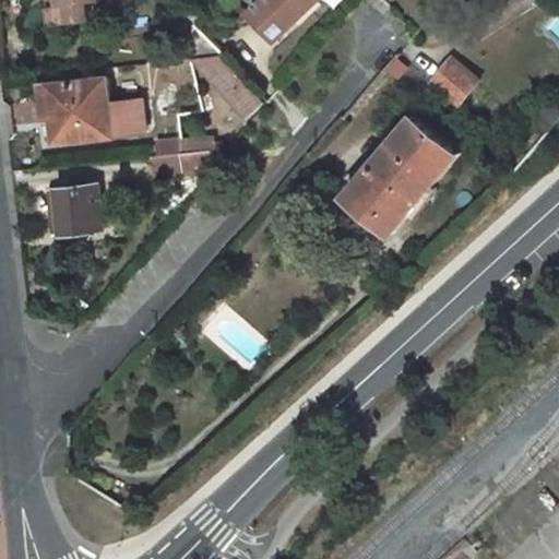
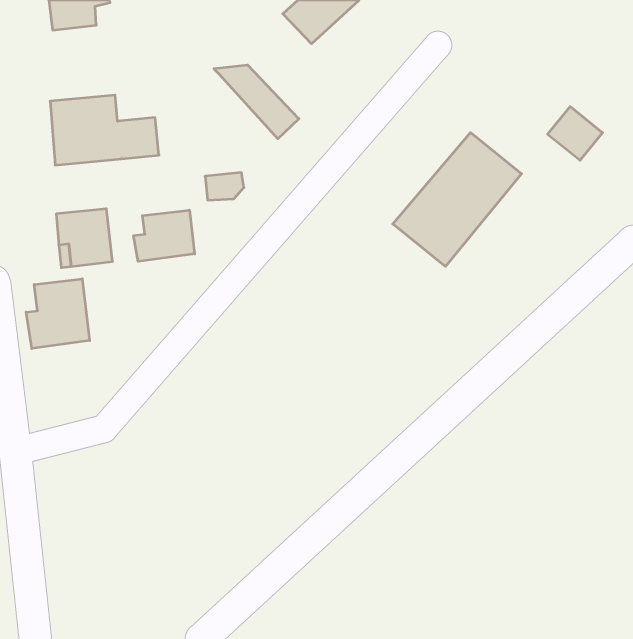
building: [428,58,476,105] -> [548,107,603,160]
building: none -> [134,210,195,261]
building: none -> [26,279,90,349]

